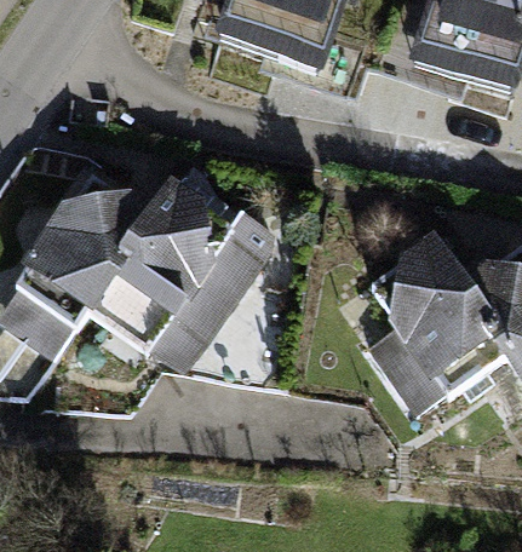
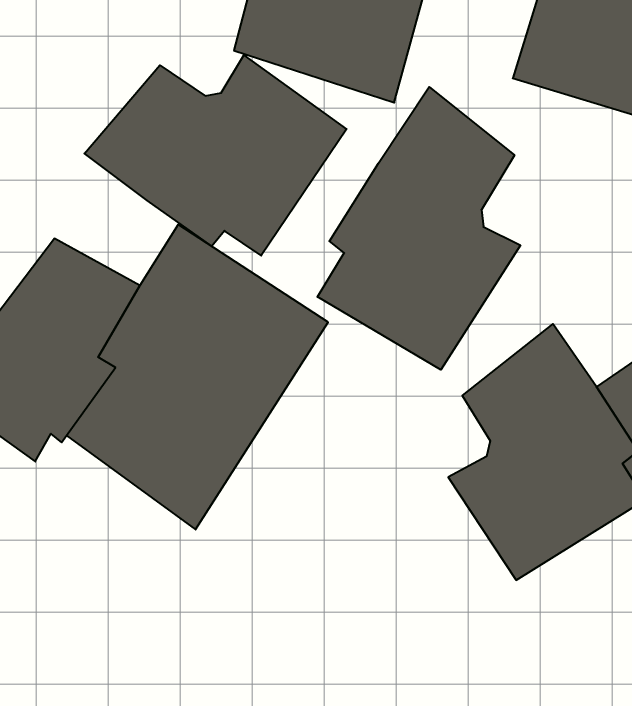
building: none -> [84,55,347,256]
building: none -> [317,87,520,370]

